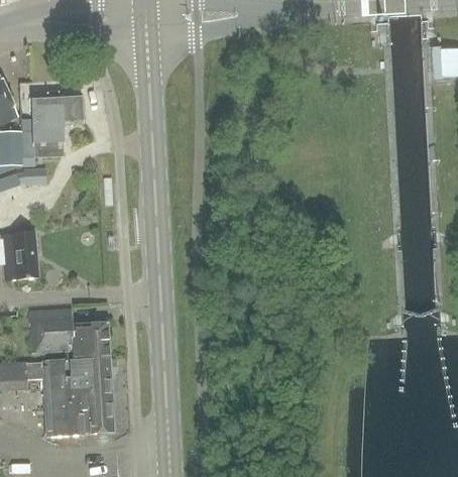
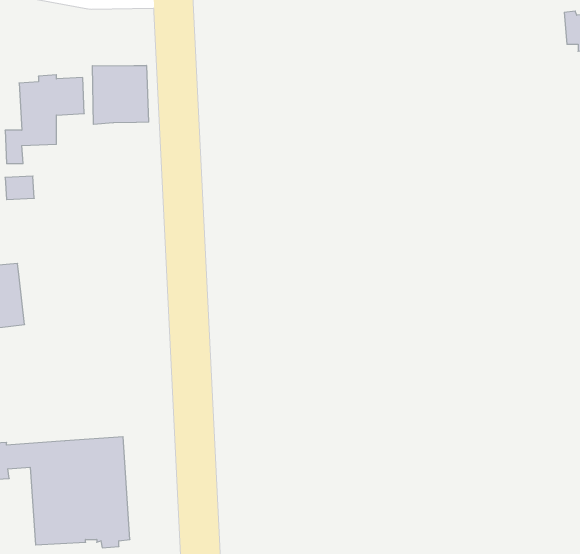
building: none -> [92,65,149,124]
building: [29,306,110,359] -> none

